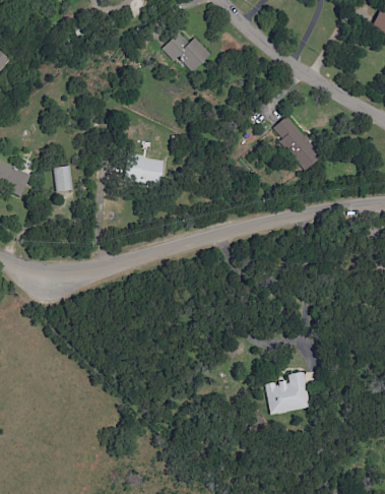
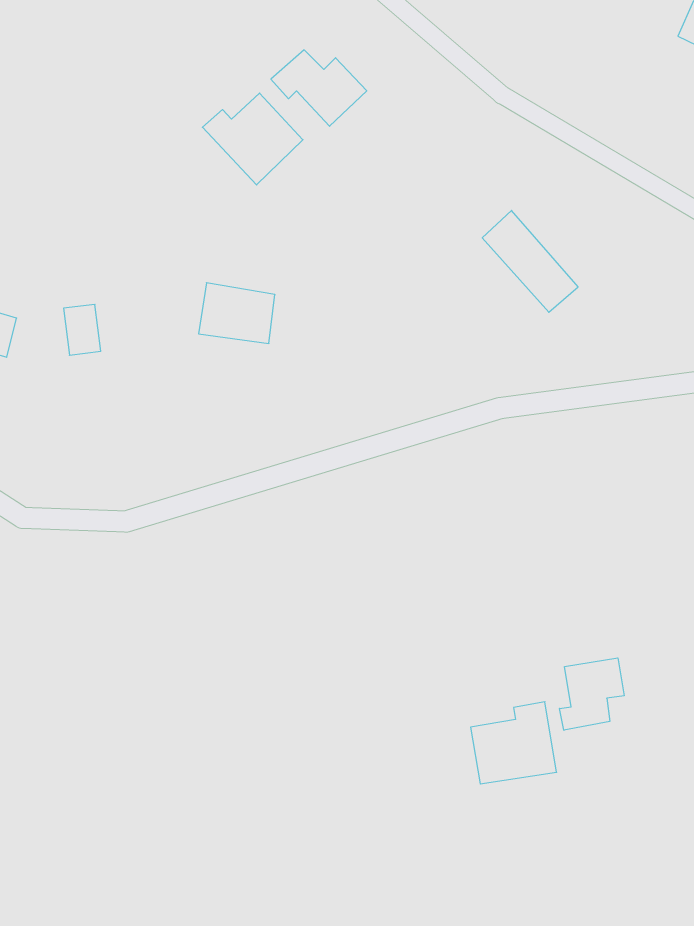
building: none -> [202,93,303,185]
building: none -> [560,658,624,730]

